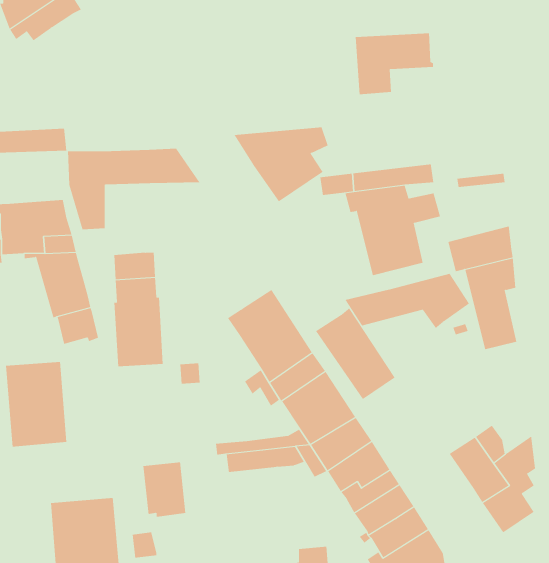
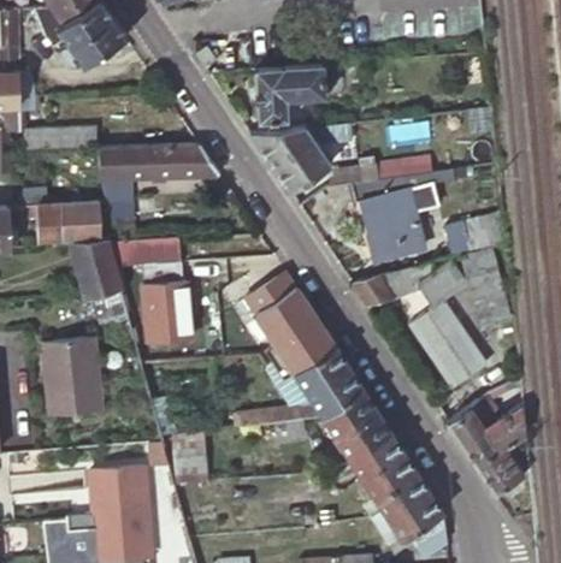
building: none -> [58,17,126,66]
building: [355,33,434,95] -> [254,65,326,122]
building: [315,308,396,400] -> [411,302,484,386]

